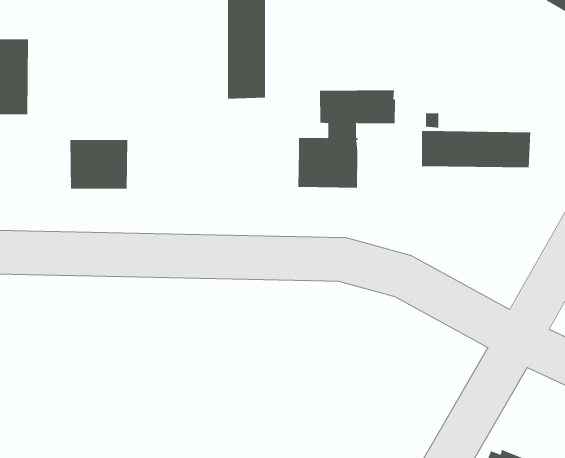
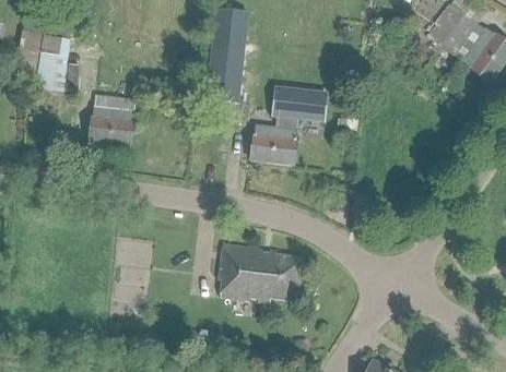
building: [421,130,531,168] -> none
building: none -> [219,242,303,302]

